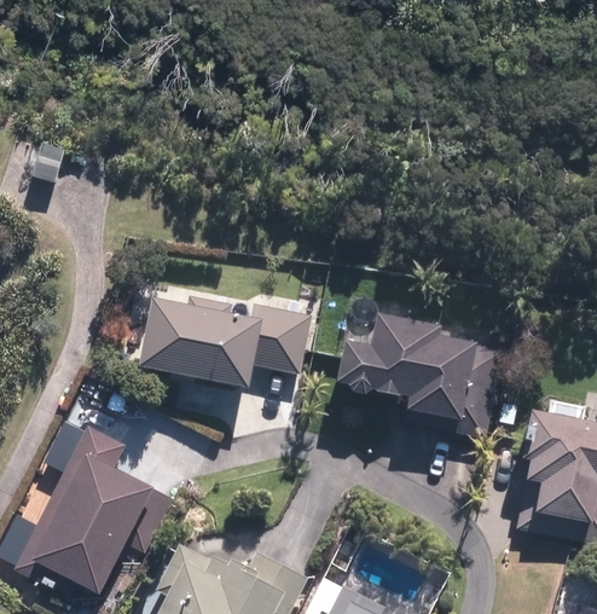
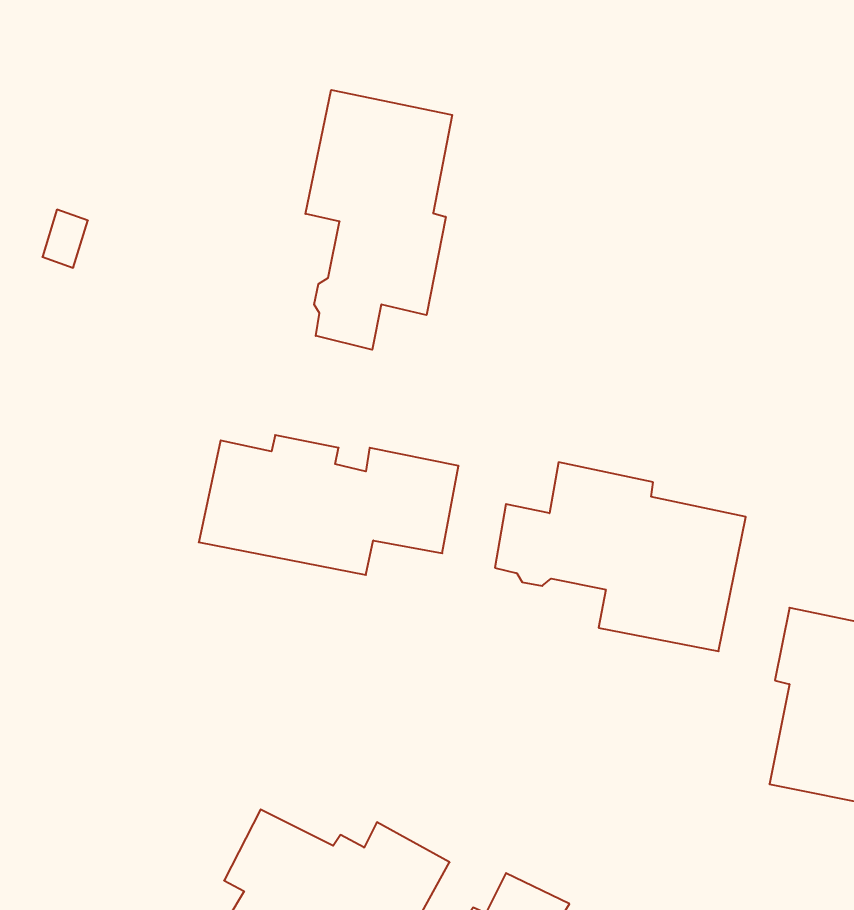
building: none -> [305,90,452,350]
building: [12,424,173,596] -> none

